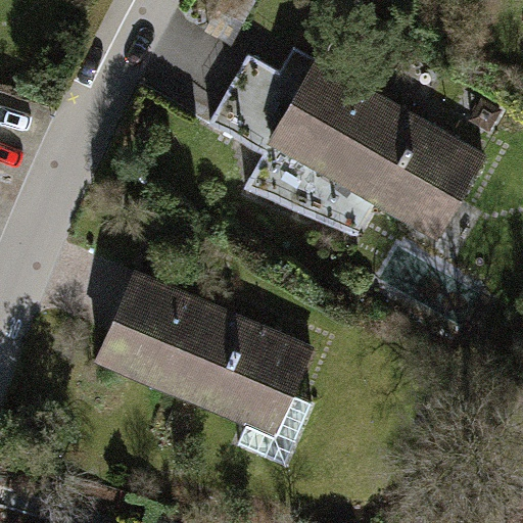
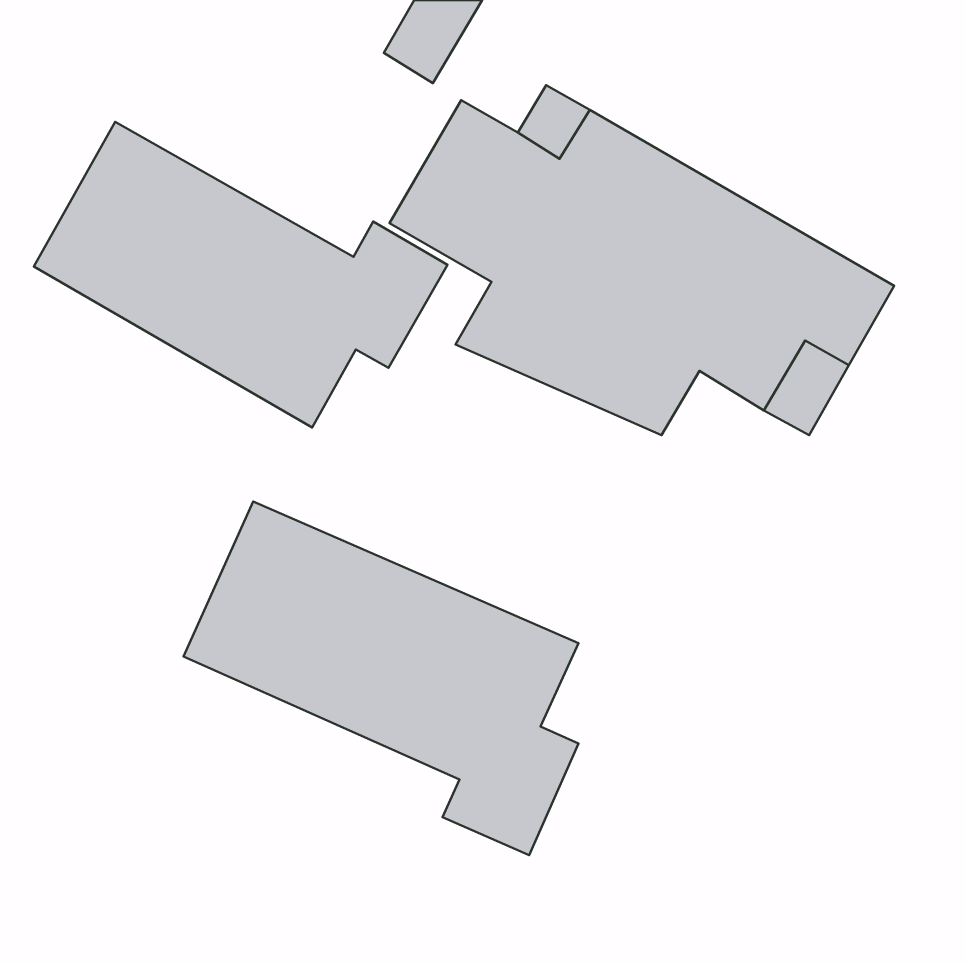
building: none -> [34,122,448,427]

